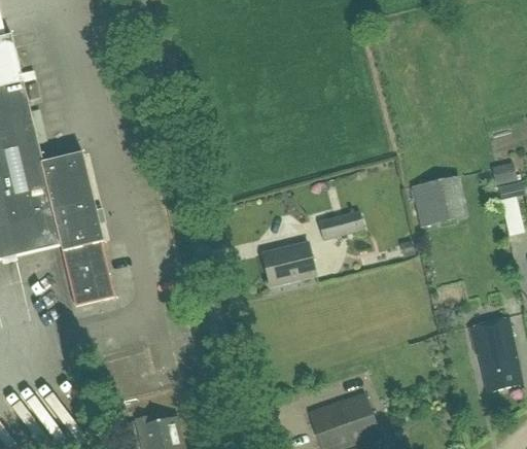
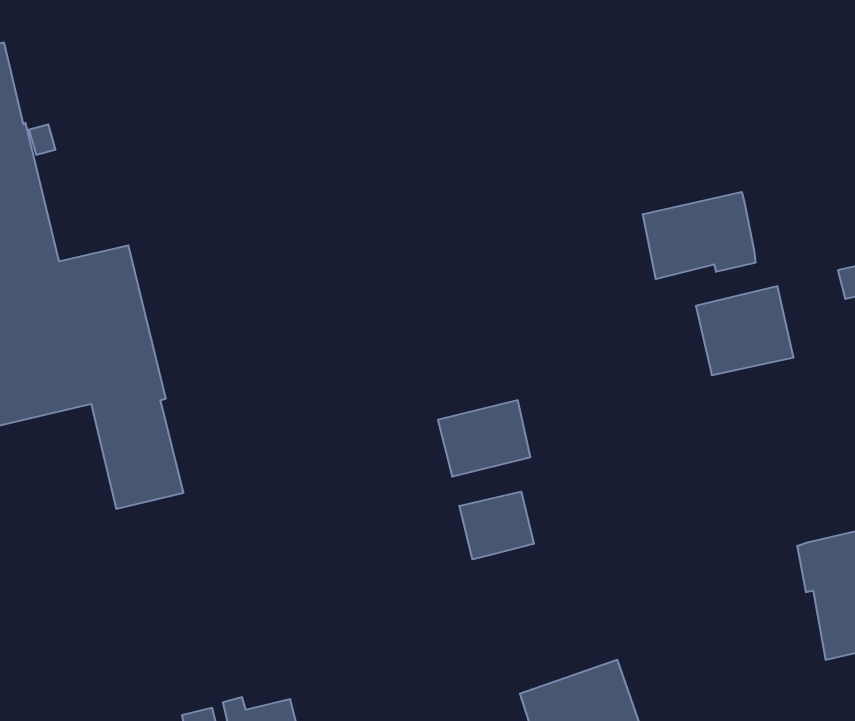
building: none -> [643,192,755,279]
building: [317,211,362,241] -> none
building: none -> [459,492,534,559]

